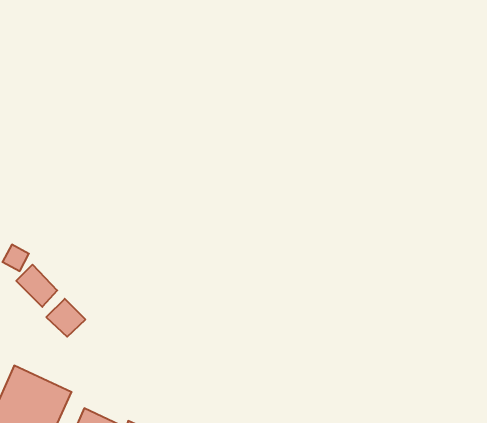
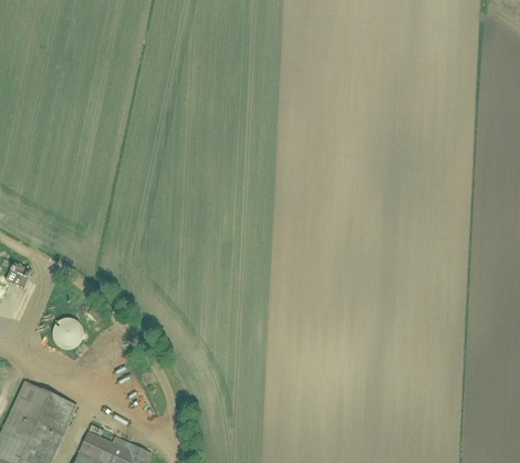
building: [16,265,57,307] -> none

